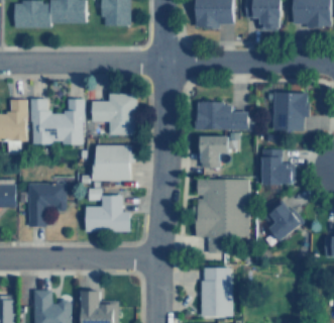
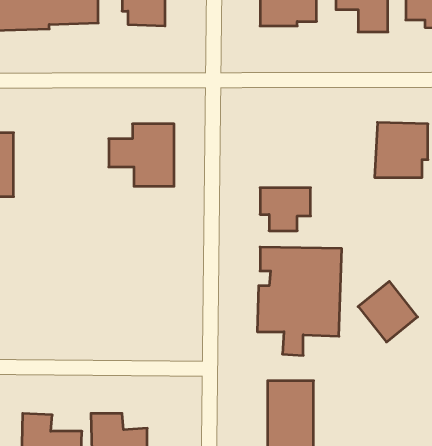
building: [30,100,85,146] -> none
building: [197,100,249,127] -> none
building: [92,143,131,187] -> none
building: [262,149,294,185] -> none
building: [26,184,63,228] -> none
building: [87,197,131,233] -> none

